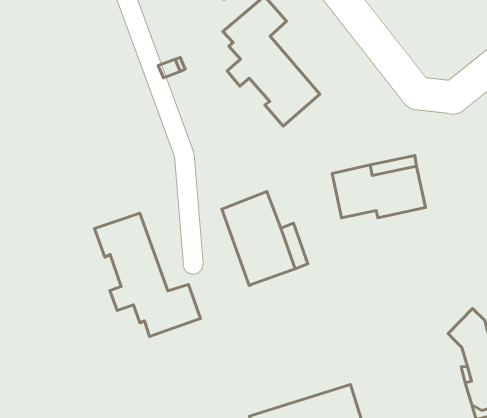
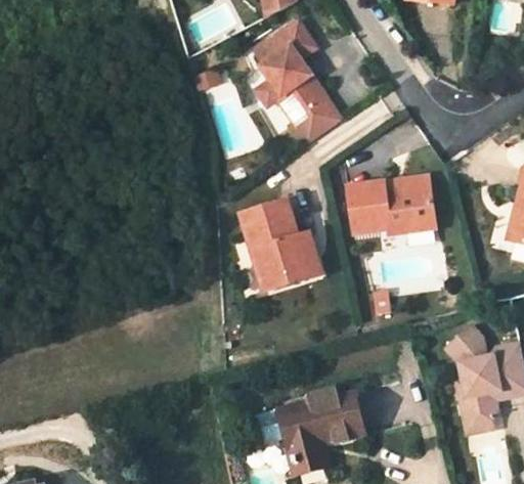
building: [95,213,200,337] -> none

